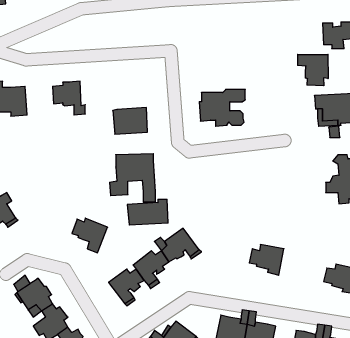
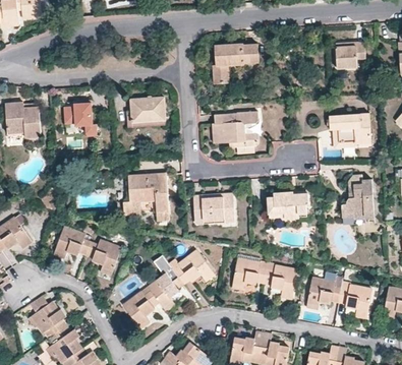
building: none -> [216,44,260,82]
building: [298,54,328,86] -> none
building: [113,108,147,134] -> [131,97,166,123]
building: none -> [268,193,307,220]
building: [127,199,168,225] -> [193,194,234,220]
building: none -> [53,226,91,255]
building: none -> [232,258,266,286]
building: none -> [306,278,340,305]

